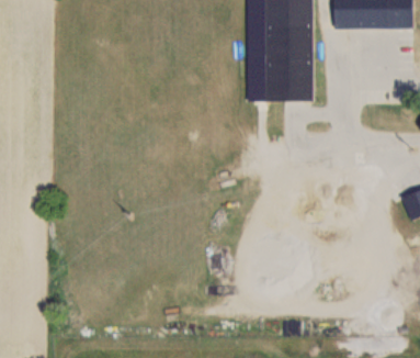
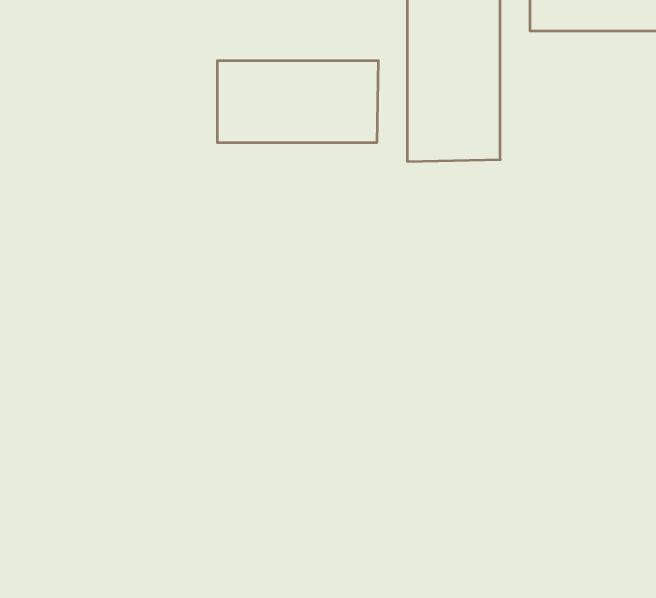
building: none -> [217,61,378,143]

